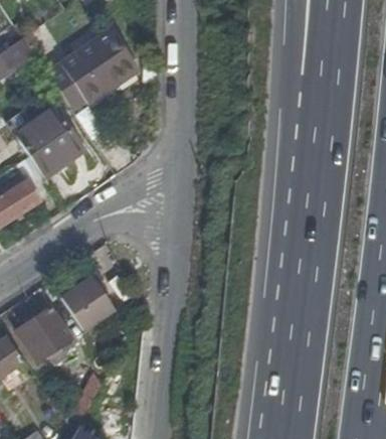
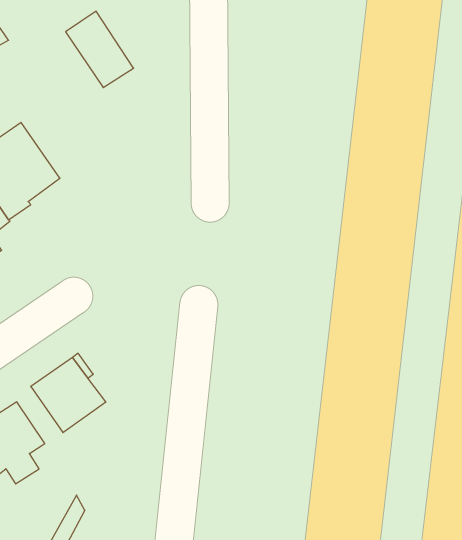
building: [44,41,113,110] -> none

